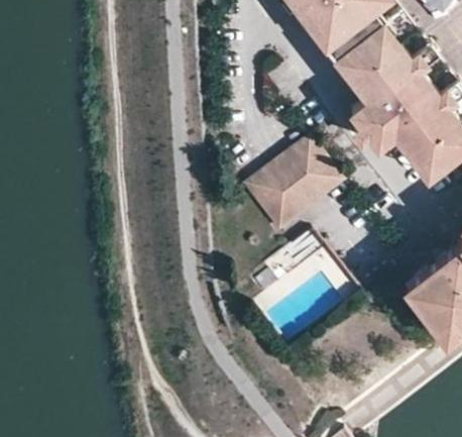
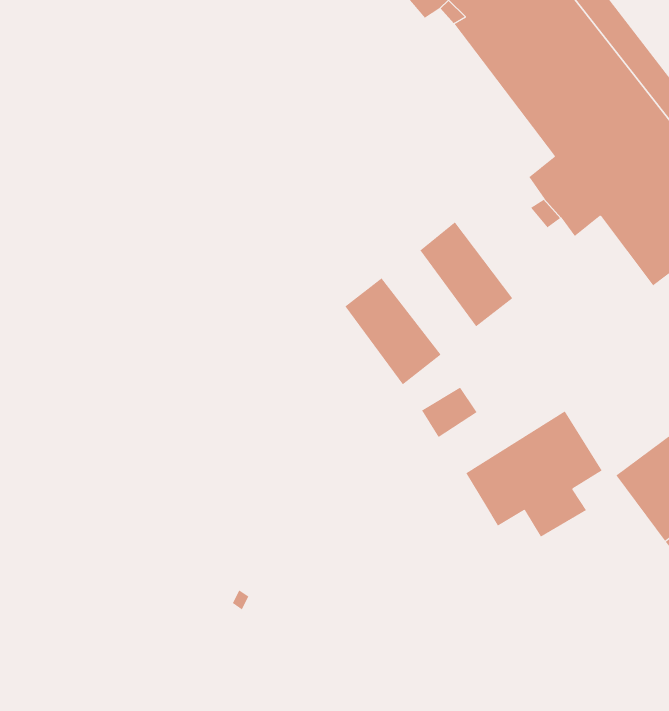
building: [260,156,316,218] -> none
building: none -> [466,411,603,538]

